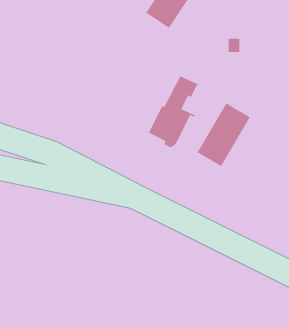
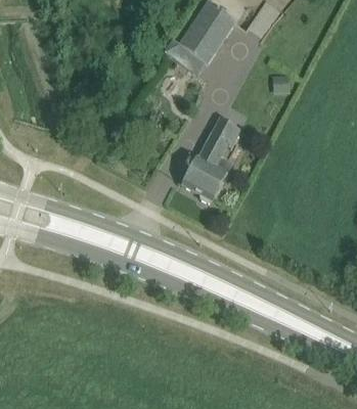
building: [197,102,251,167] -> none

